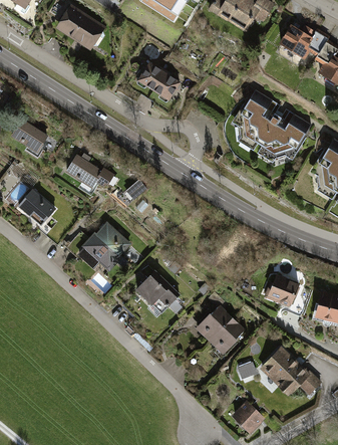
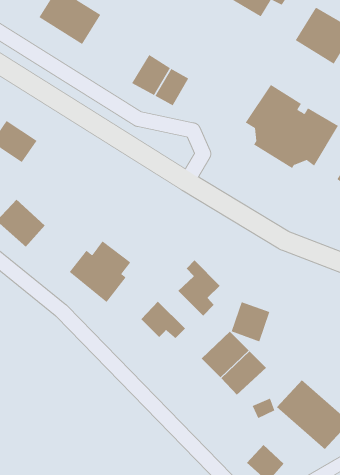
building: [62,151,113,196] -> none
building: none -> [178,260,220,316]
building: [267,274,301,309] -> [231,302,270,342]

